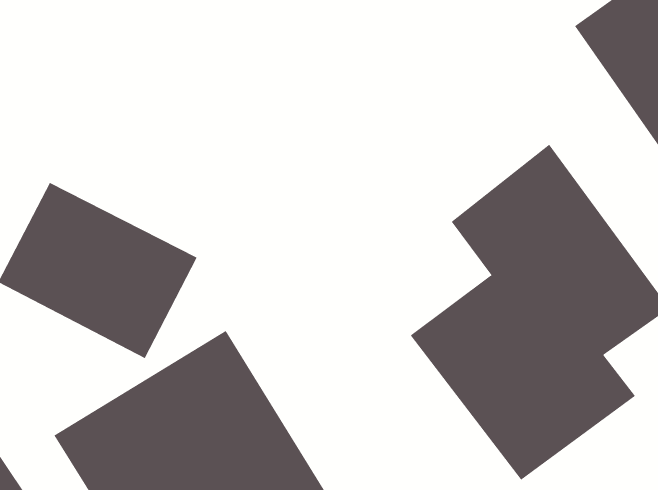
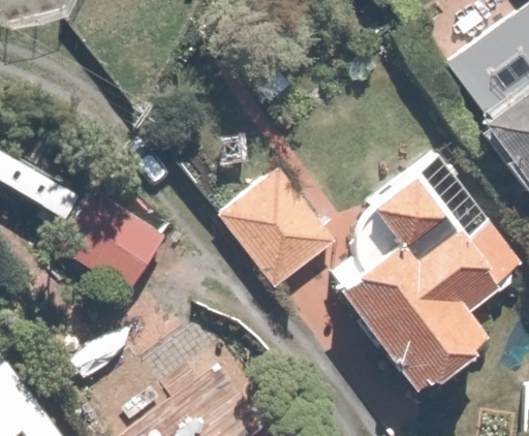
building: none -> [212,170,332,292]

